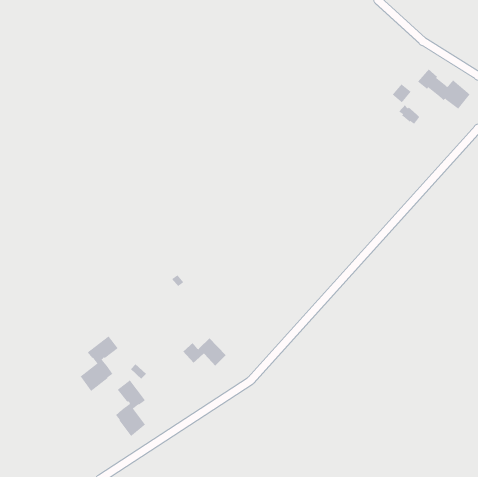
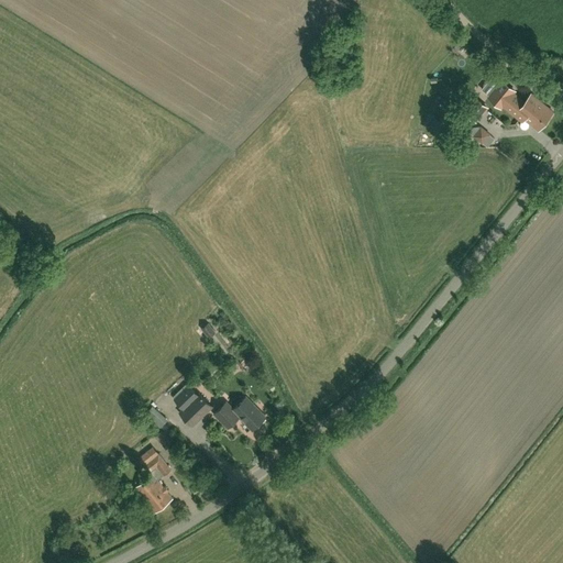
building: none -> [173,386,212,427]
building: [80,336,119,392] -> none

